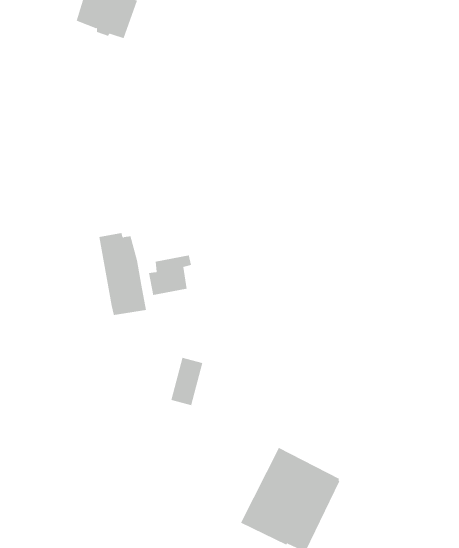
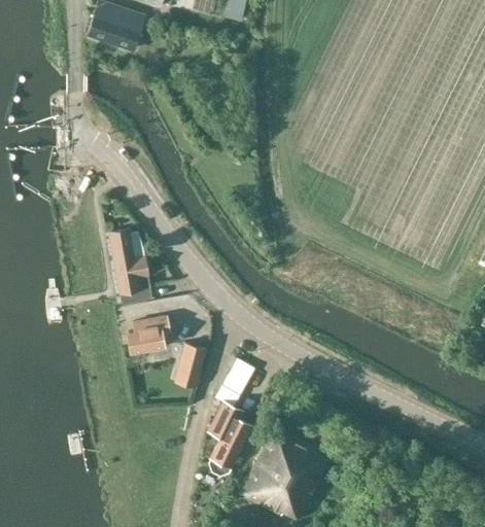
building: [148,255,192,295] -> [127,316,167,353]
building: none -> [221,358,253,395]
building: none -> [208,401,250,473]

